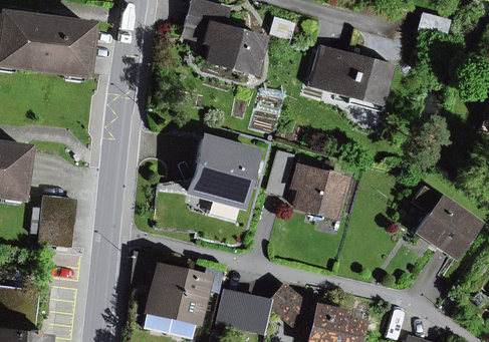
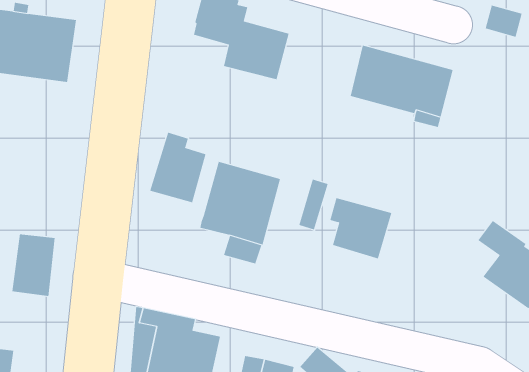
building: none -> [150,132,206,203]

